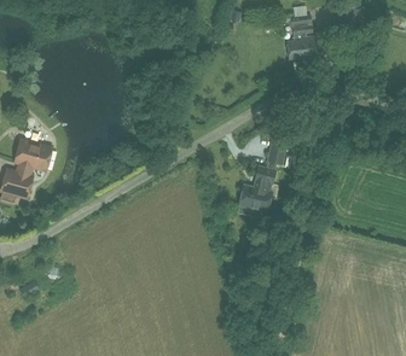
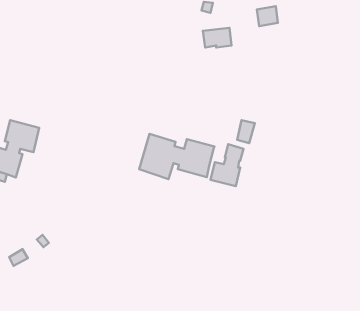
building: [286,37,318,59] -> [203,28,232,48]
building: none -> [139,134,215,179]

